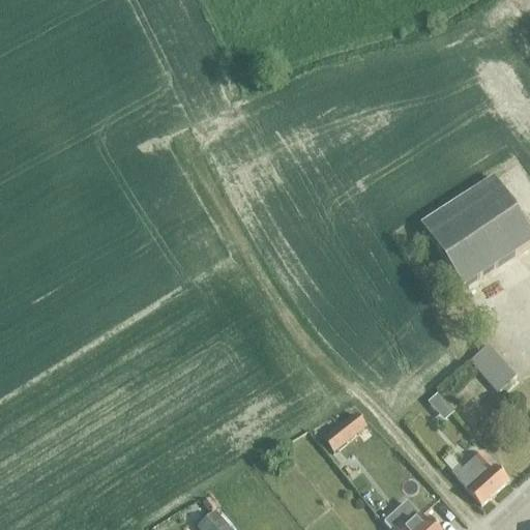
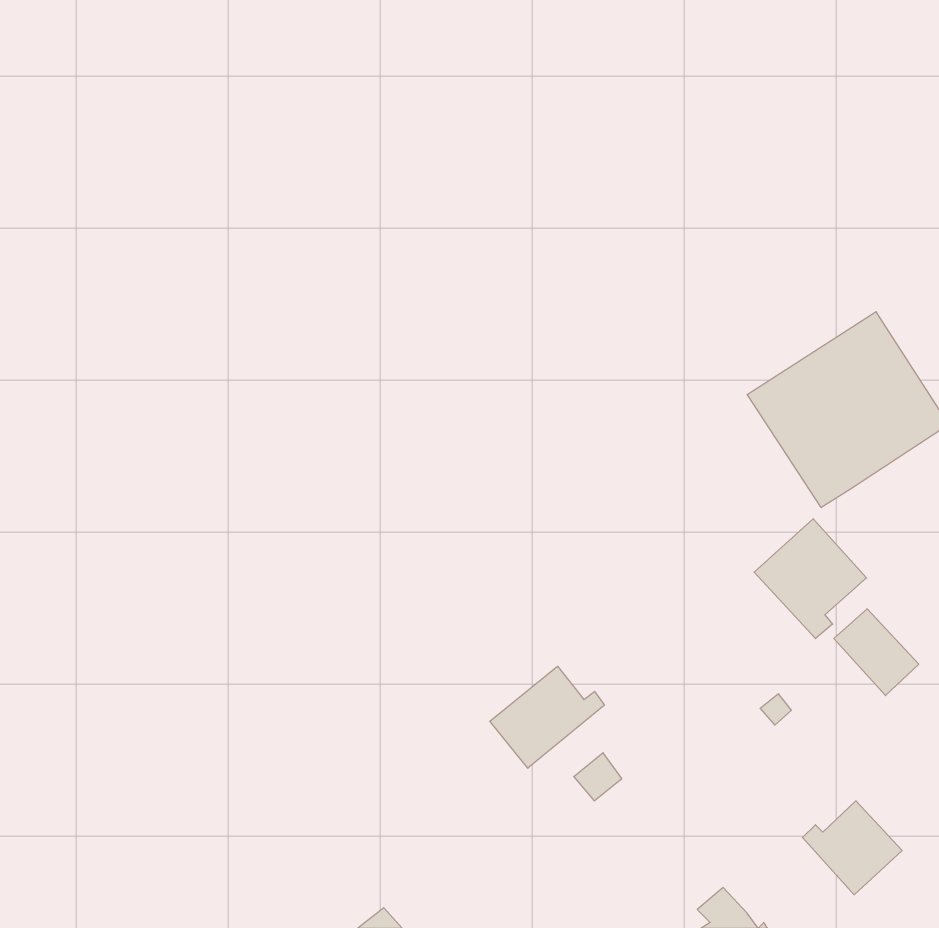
building: none -> [754,519,867,639]
building: none -> [490,666,604,768]

